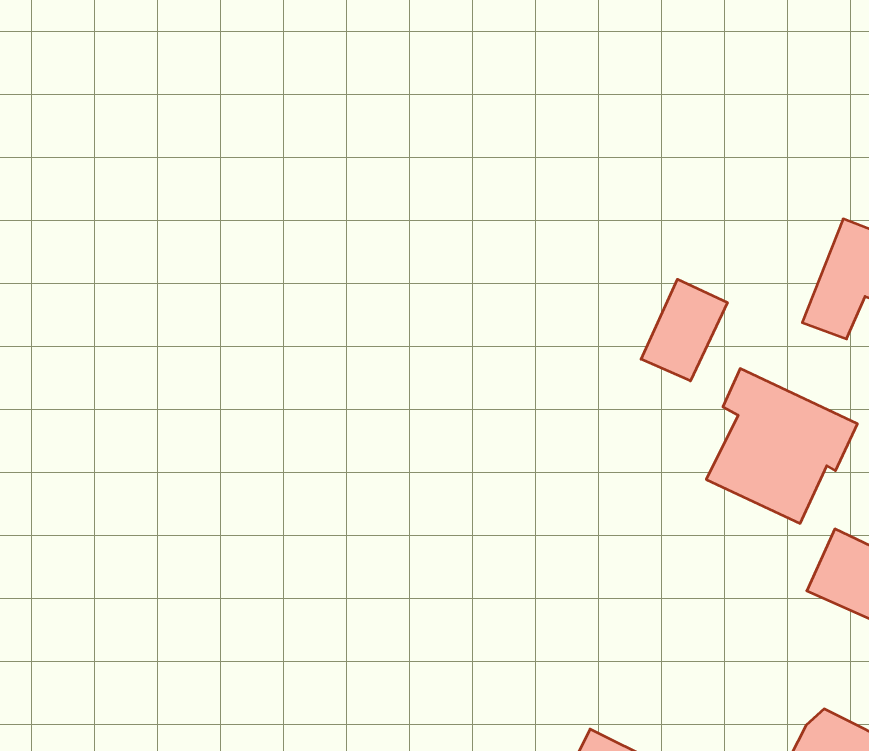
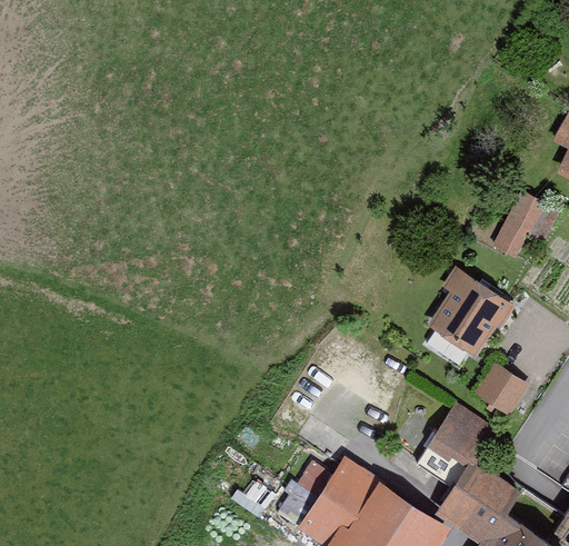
building: [641,279,727,381] -> none
building: none -> [426,403,496,469]

